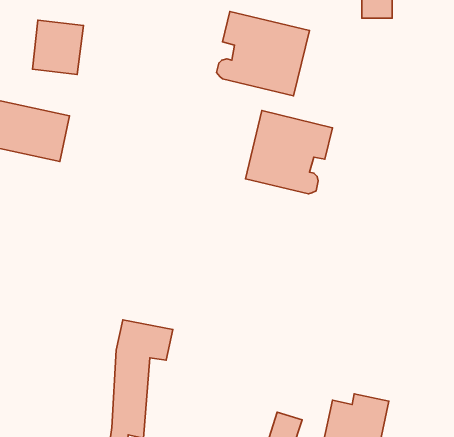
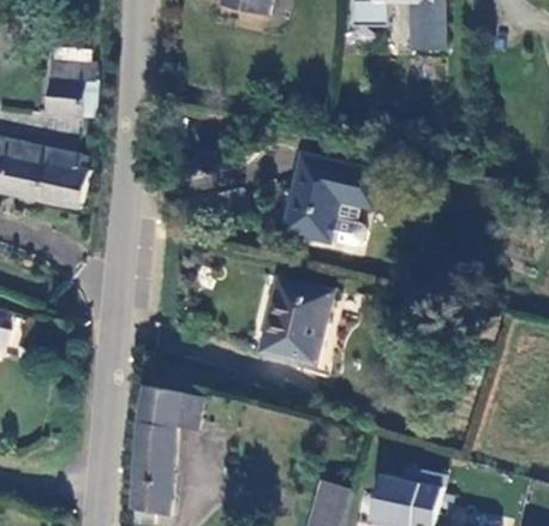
building: [216,12,310,96] -> none
building: none -> [258,277,332,359]

